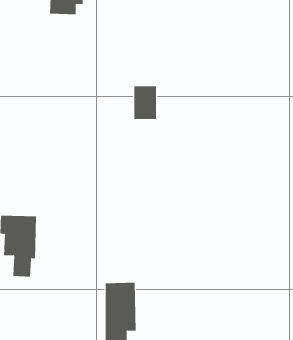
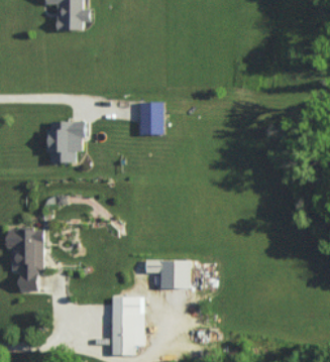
building: none -> [46,120,84,162]
building: none -> [145,259,189,287]

